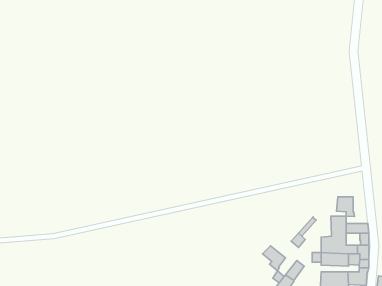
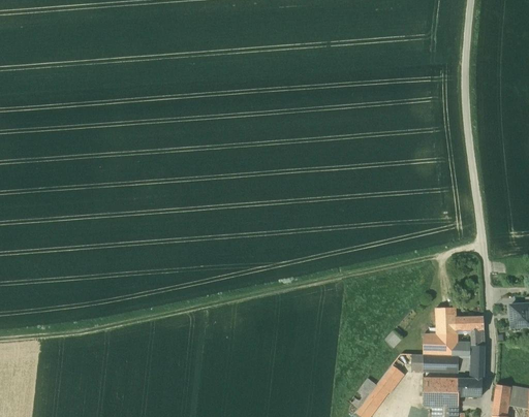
building: [337,197,354,217] -> none
building: [262,246,286,271] -> none

